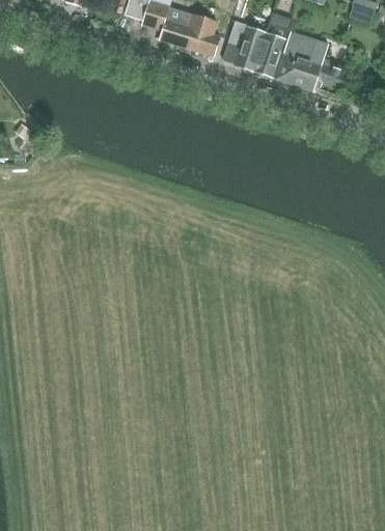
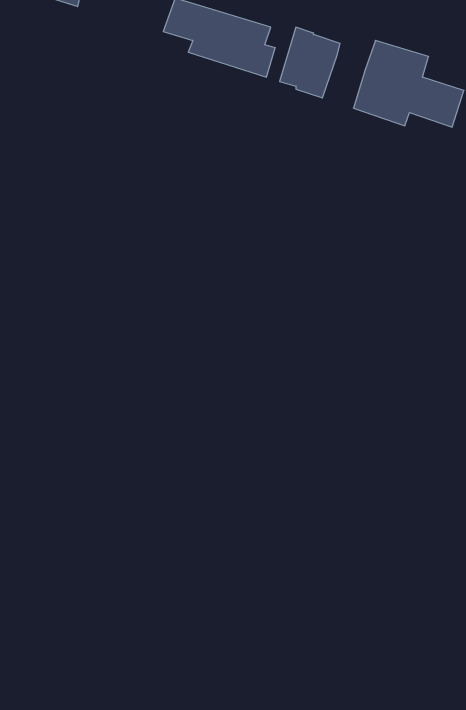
building: [252,11,291,77] -> none

